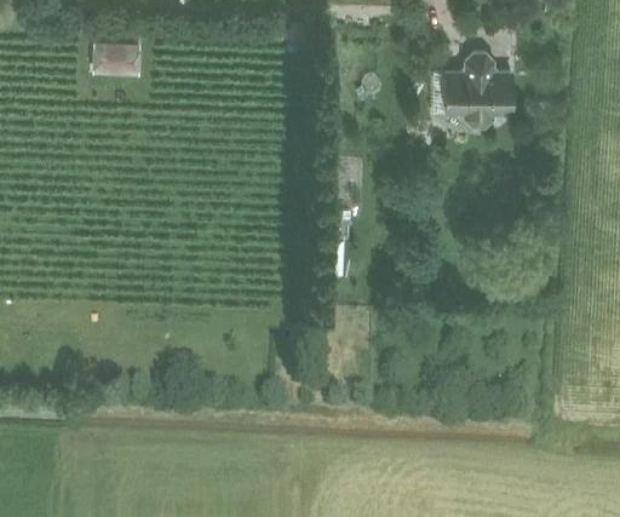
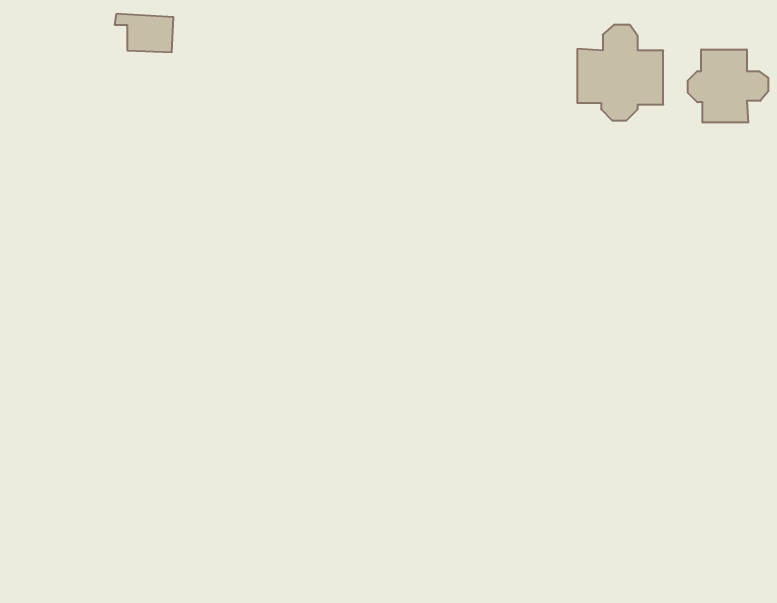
building: none -> [688,49,768,123]

